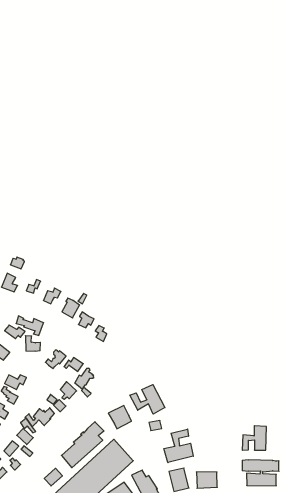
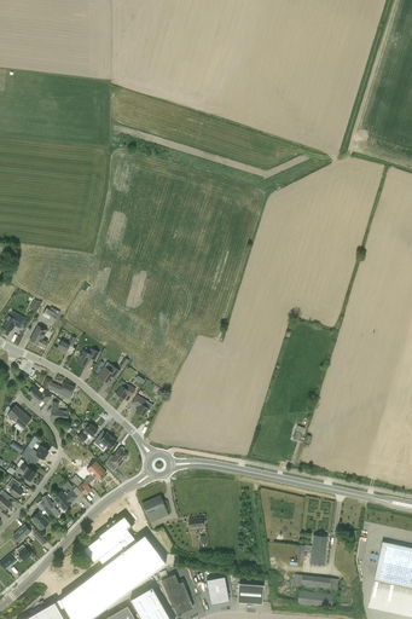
building: [130,385,165,414] -> none
building: [164,429,193,463] -> none

